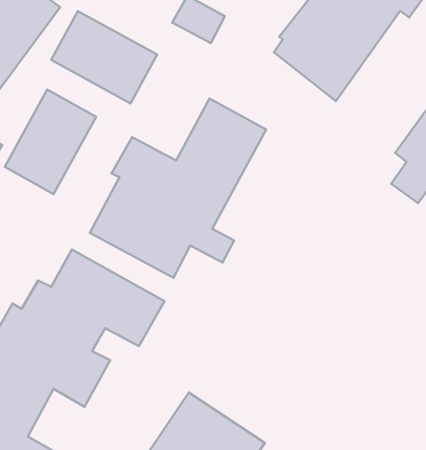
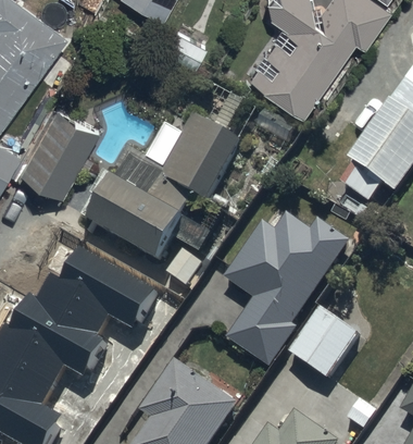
building: [51,11,157,103] -> none
building: none -> [224,213,349,368]
building: none -> [288,308,358,380]

